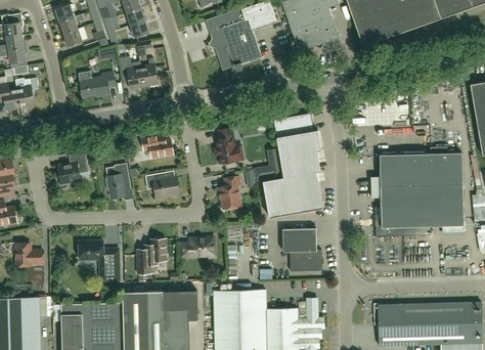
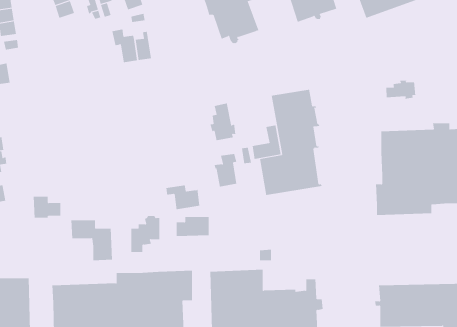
building: [79,71,116,96] -> none
building: [17,78,39,107] -> none
building: none -> [386,80,416,100]
building: [142,133,173,157] -> none
building: [57,151,88,185] -> none
building: [105,163,131,199] -> none
building: [145,172,179,196] -> [165,185,200,210]
building: [282,228,322,271] -> none
building: [15,244,43,265] -> [33,196,61,218]

